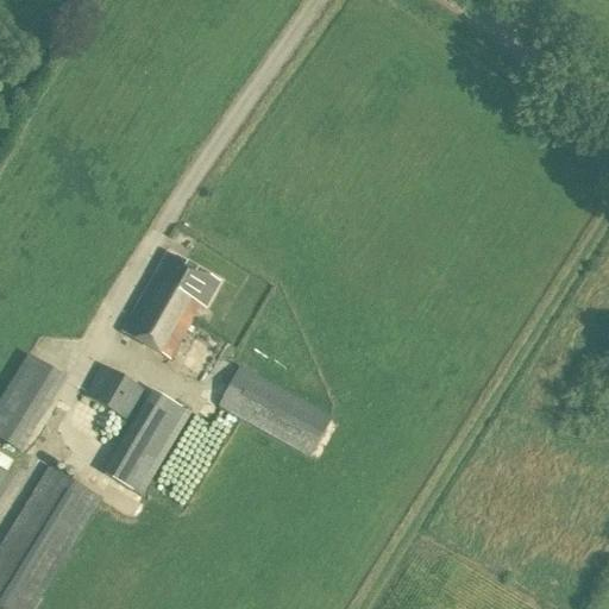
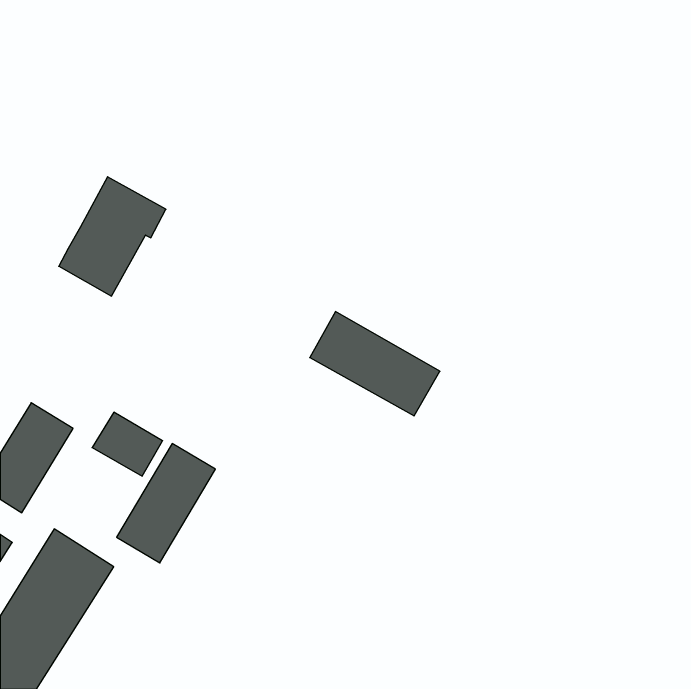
building: [124,250,218,354] -> [59,177,166,296]
building: [218,364,332,456] -> [310,312,440,416]

